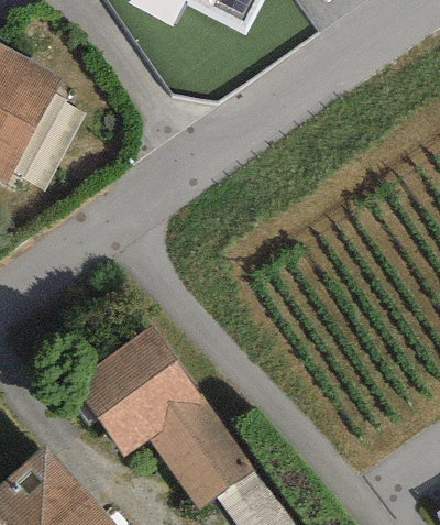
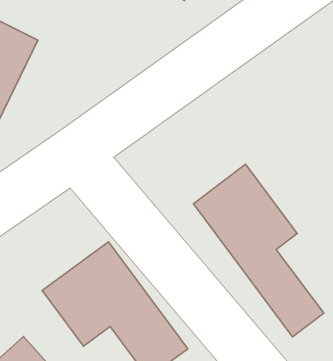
building: none -> [194,164,324,337]

